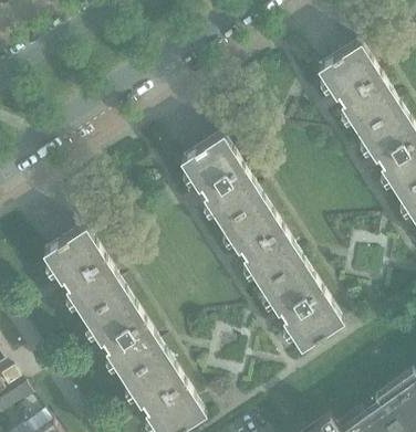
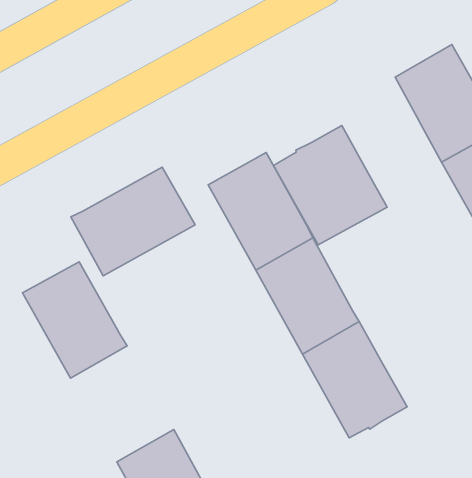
building: none -> [273,126,387,245]
building: none -> [71,167,195,276]
building: [84,292,166,381] -> none

